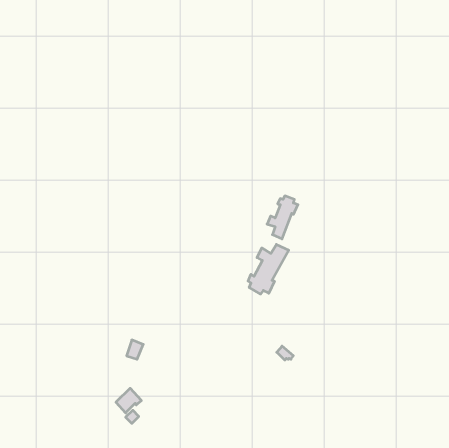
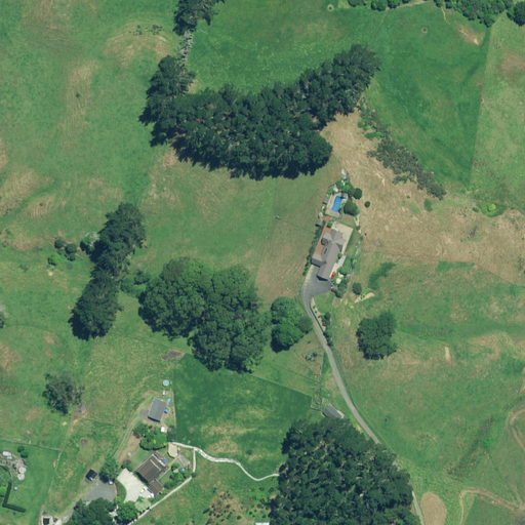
building: [248,244,289,294] -> none

